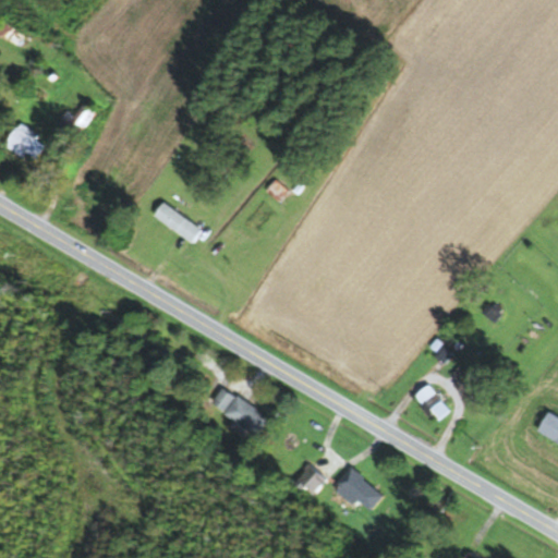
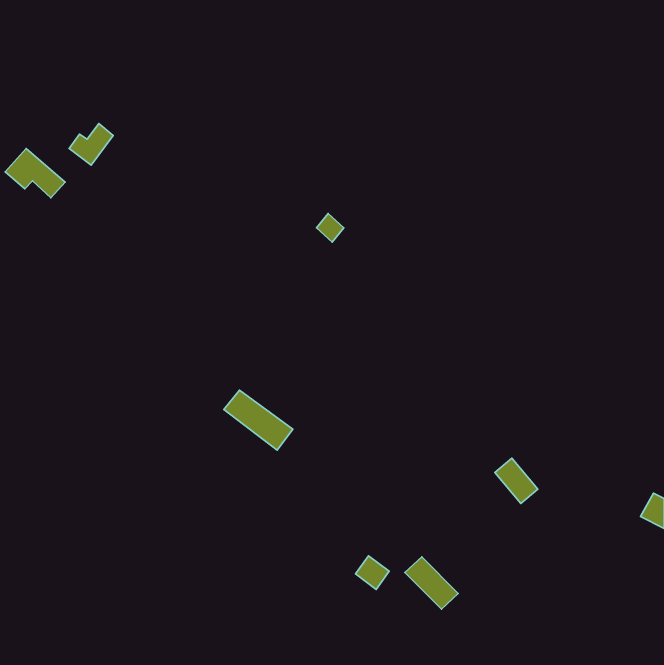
building: [153,202,202,243] -> none
building: [211,386,269,436] -> [224,390,293,450]

